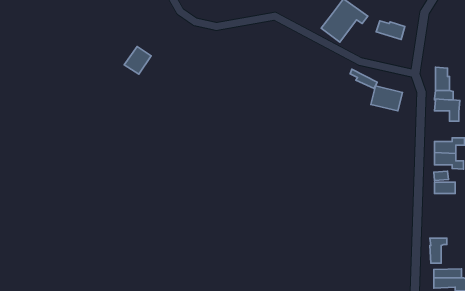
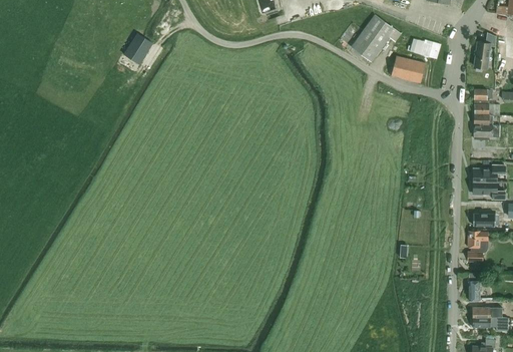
building: none -> [474,32,496,68]
building: [124,46,151,74] -> [123,34,152,64]
building: [371,86,402,111] -> [391,56,425,83]
building: none -> [468,232,487,262]

